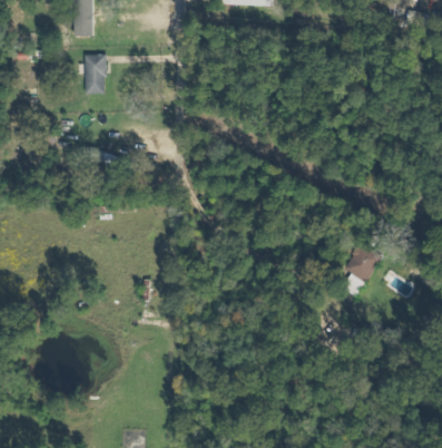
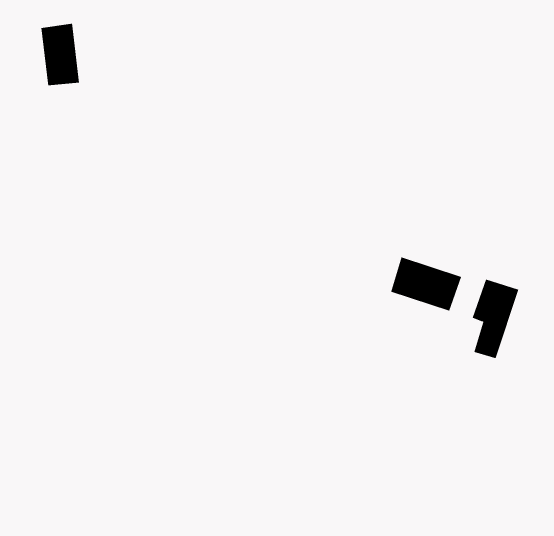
building: none -> [390,257,462,312]

